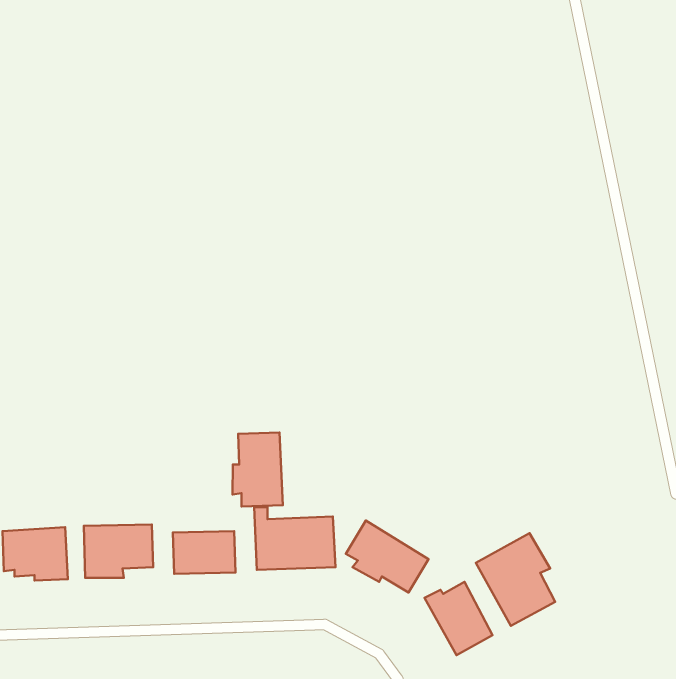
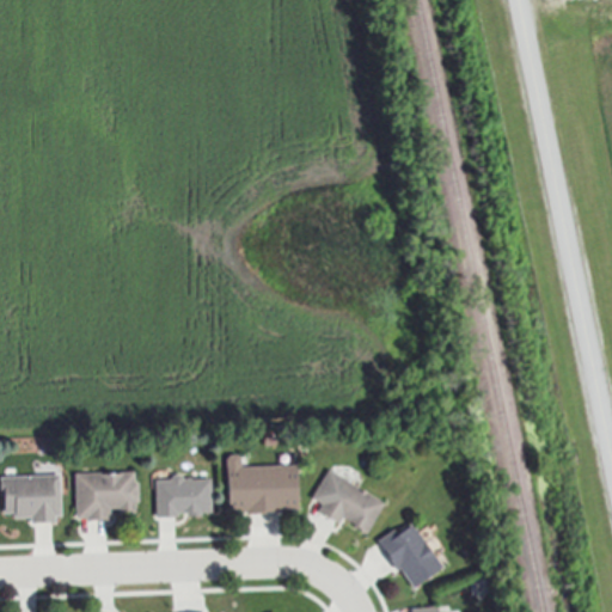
building: [233,433,283,507] -> none
building: [476,533,555,626] -> none

